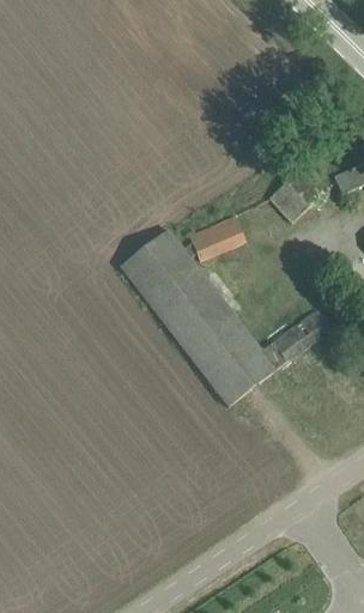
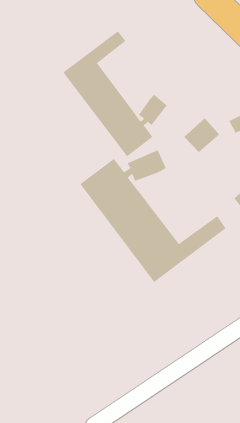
building: none -> [62,31,167,157]

